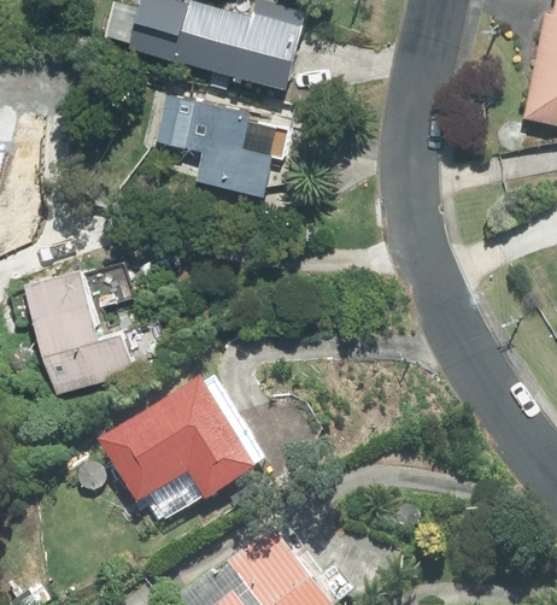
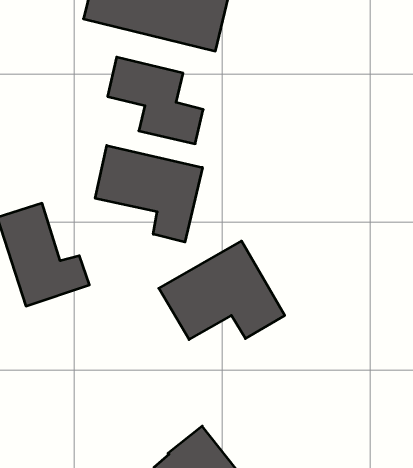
building: none -> [95,145,202,242]
building: [101,389,252,507] -> [159,241,285,340]

